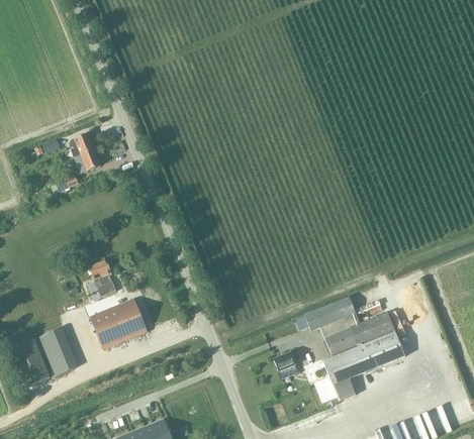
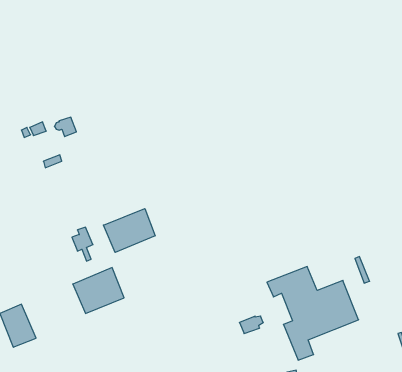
building: [74,149,100,173] -> none
building: none -> [103,209,155,252]
building: [39,327,78,375] -> none

